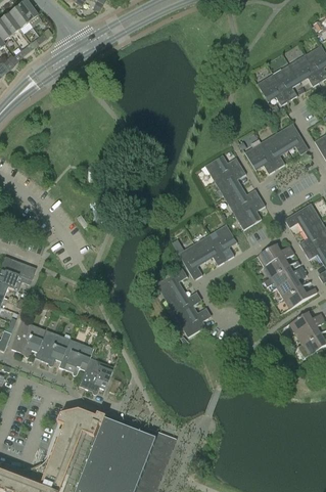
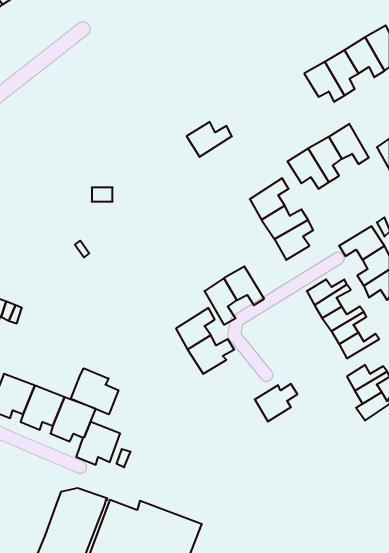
building: [204,153,240,181] -> [187,122,232,157]
building: [211,224,237,260] -> none
building: [178,307,212,337] -> [255,384,297,421]
building: none -> [71,368,118,414]

